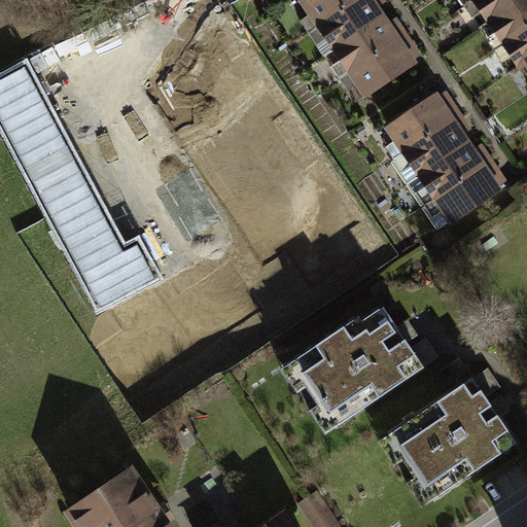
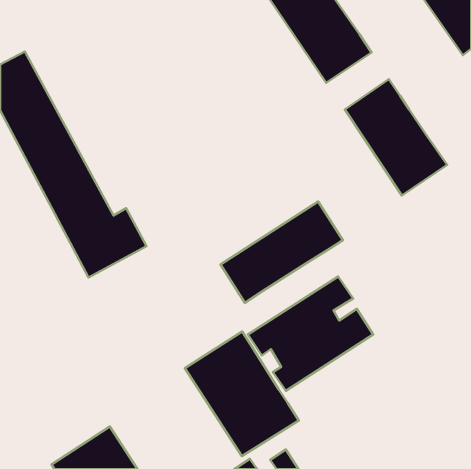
building: none -> [221,201,343,303]
building: none -> [185,331,299,456]
building: [384,383,511,502] -> none

